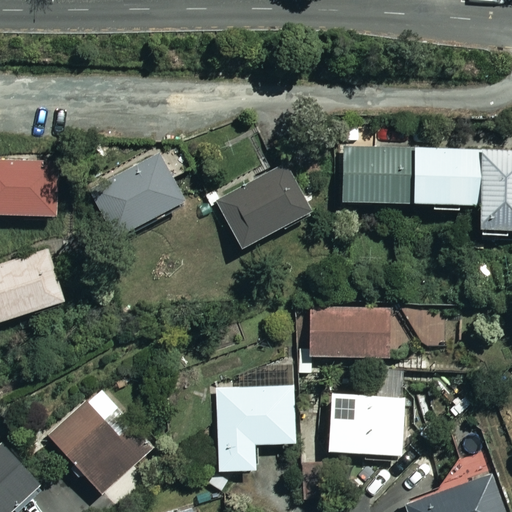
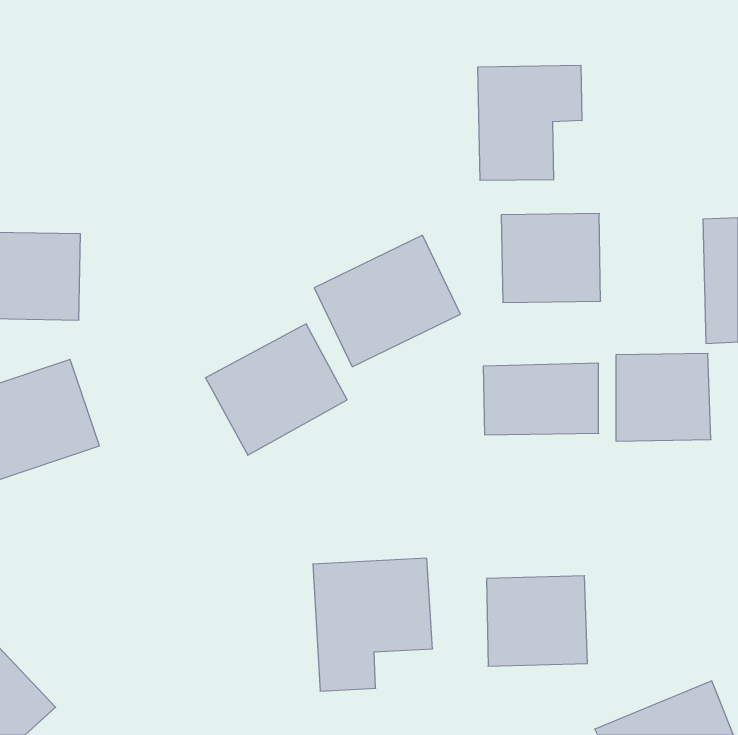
building: none -> [478,65,582,180]
building: [415,148,480,208] -> [616,353,711,441]
building: [90,153,187,243] -> [205,324,347,455]
building: [306,305,385,354] -> [483,363,599,435]
building: [45,384,154,494] -> none

